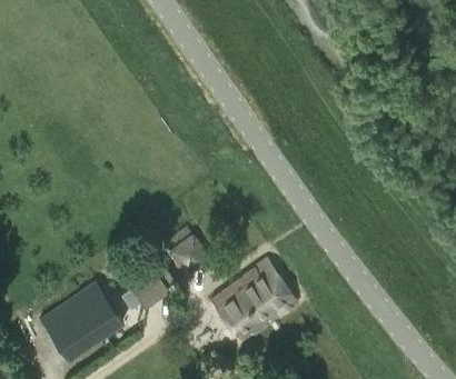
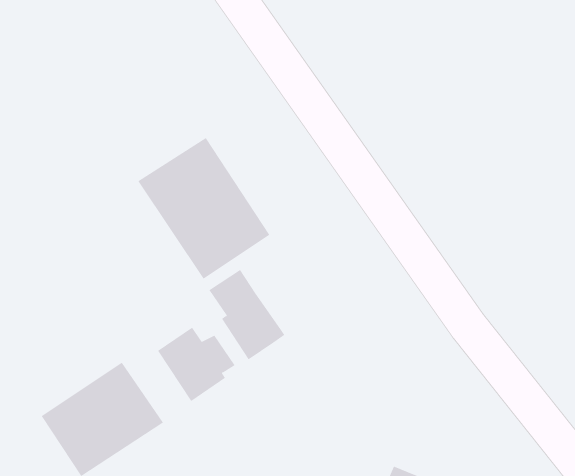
building: none -> [137,137,270,280]
building: [211,259,297,342] -> none

